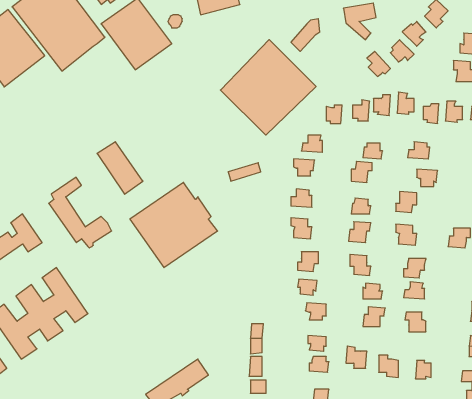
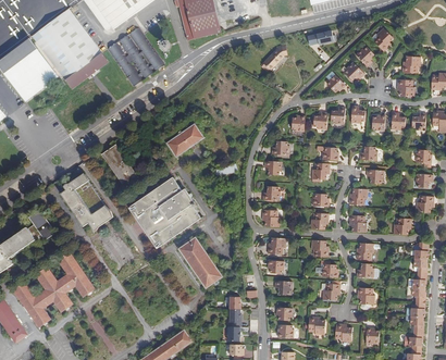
building: [220,40,316,135] -> none
building: none -> [166,125,205,159]
building: none -> [179,239,223,290]

